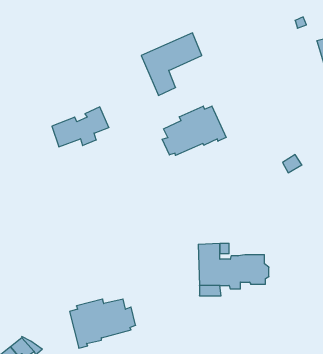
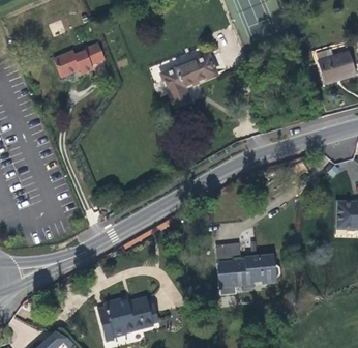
building: [162,106,226,155] -> none
building: [52,107,109,147] -> [56,42,108,79]

